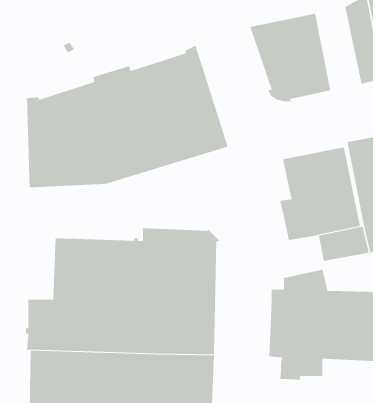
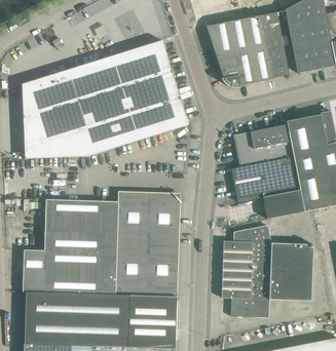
building: none -> [261,11,290,77]

